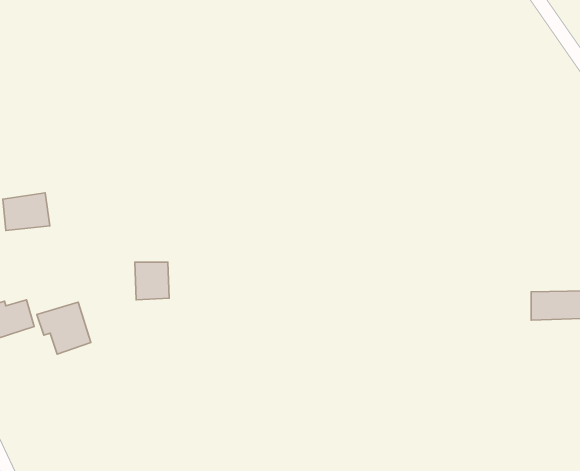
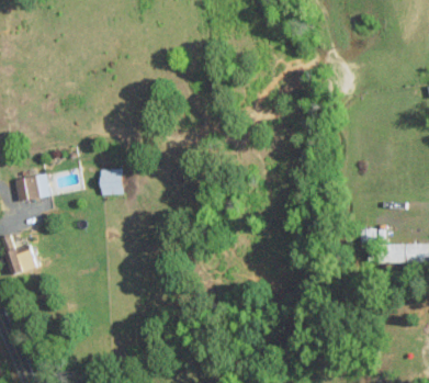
building: [135,262,169,300] -> [100,168,124,194]
building: [37,302,91,354] -> none

